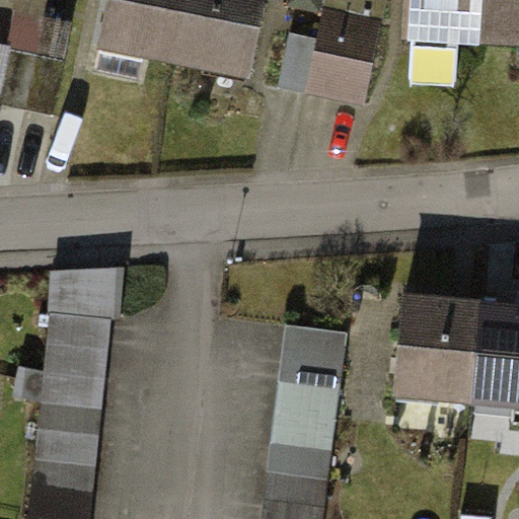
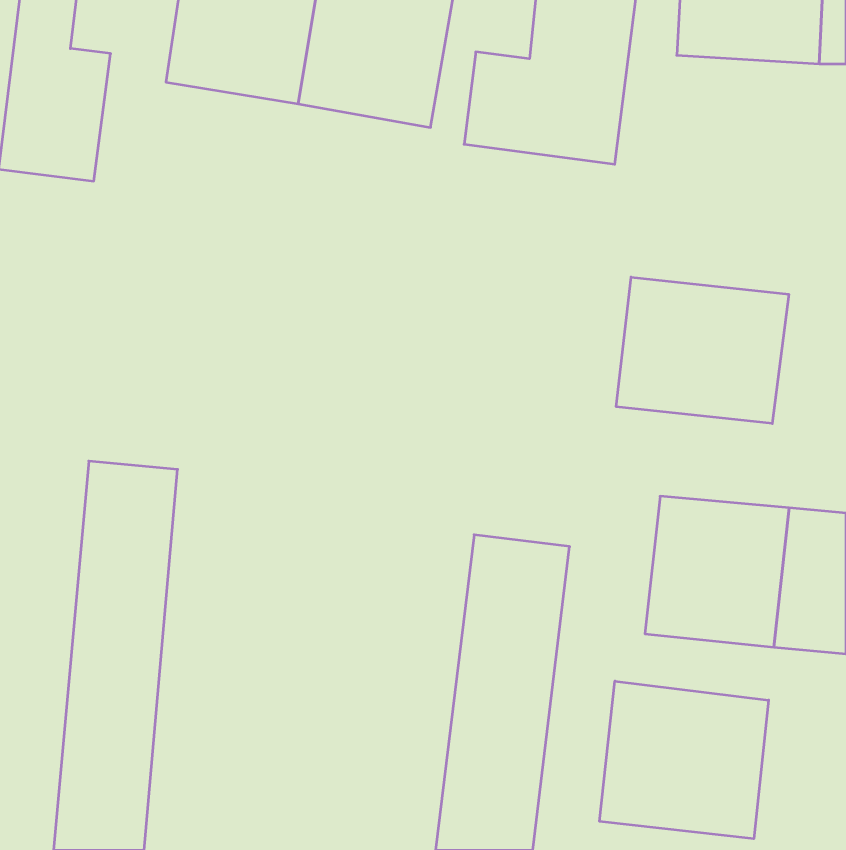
building: none -> [616,277,789,424]
building: none -> [600,681,769,839]

